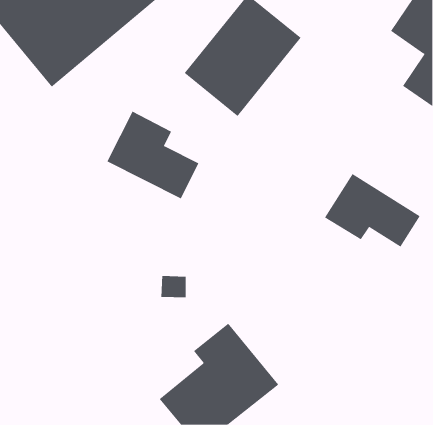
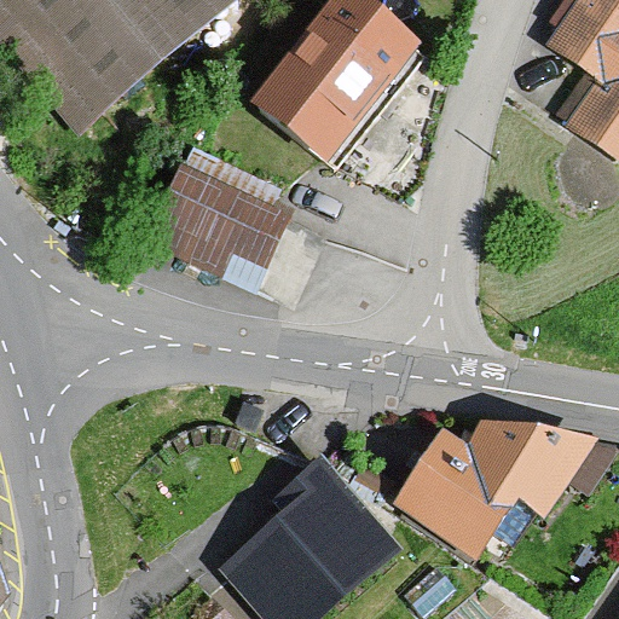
building: [324,173,421,248] -> none
building: none -> [397,421,594,562]

